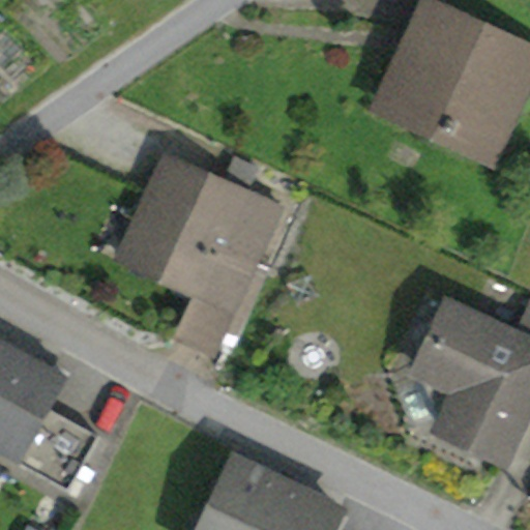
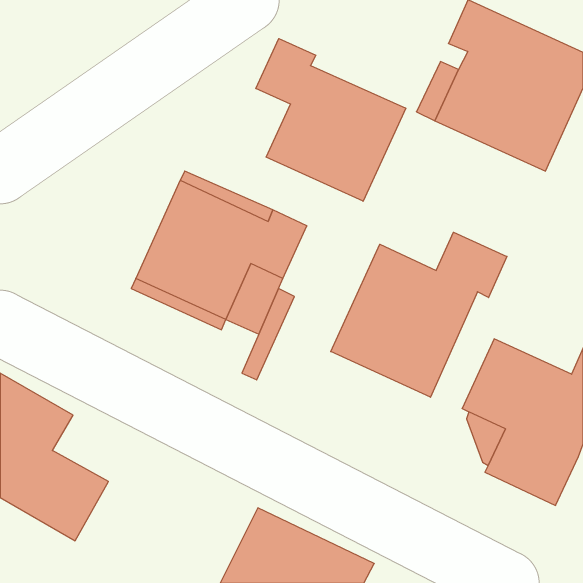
building: none -> [256,39,406,201]
building: none -> [331,232,507,397]

